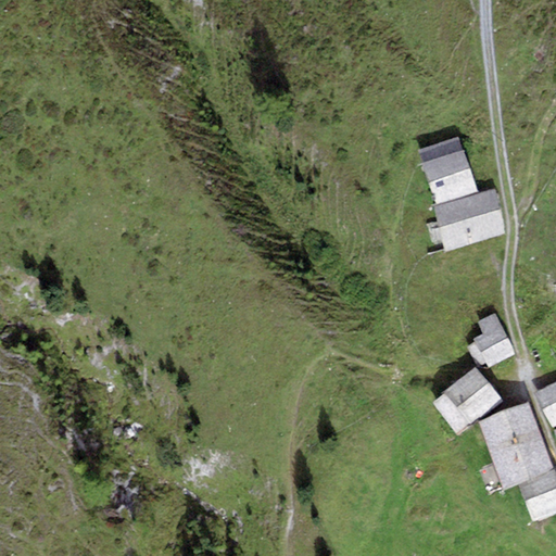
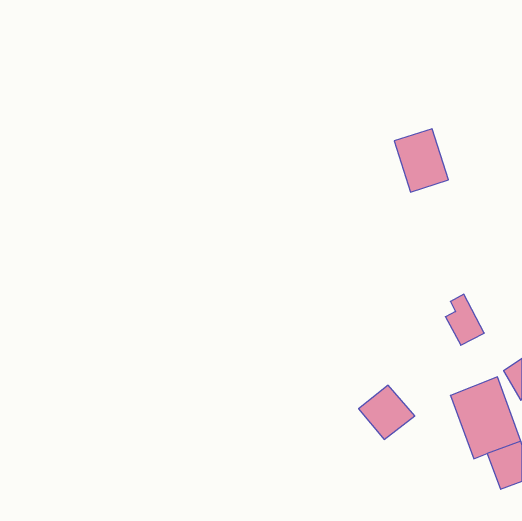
building: [432,187,505,251] -> none
building: [442,366,502,424] -> [359,385,415,439]

